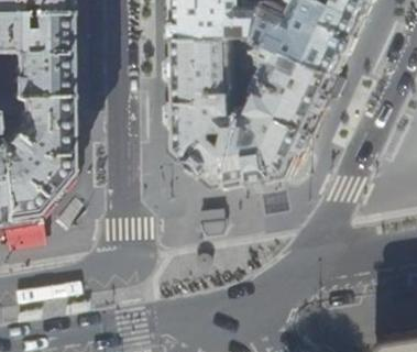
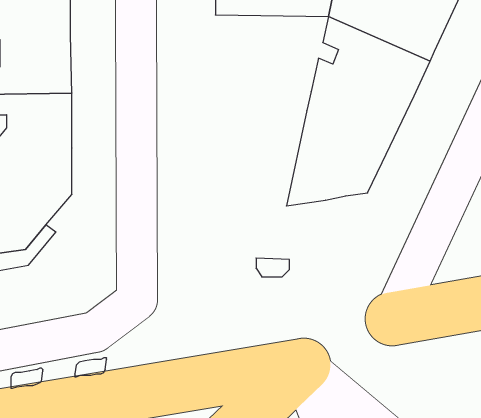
building: [173,35,259,183] -> none

